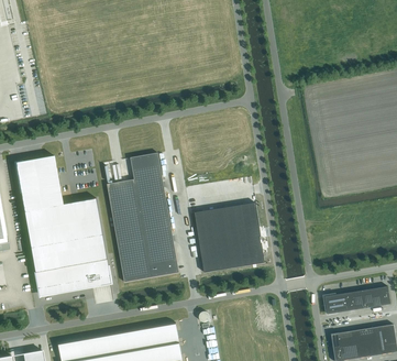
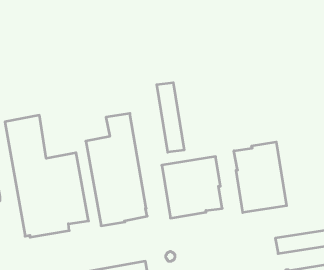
building: none -> [157,83,184,152]
building: none -> [234,142,287,213]

